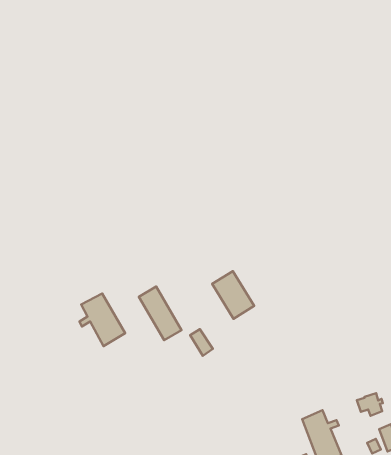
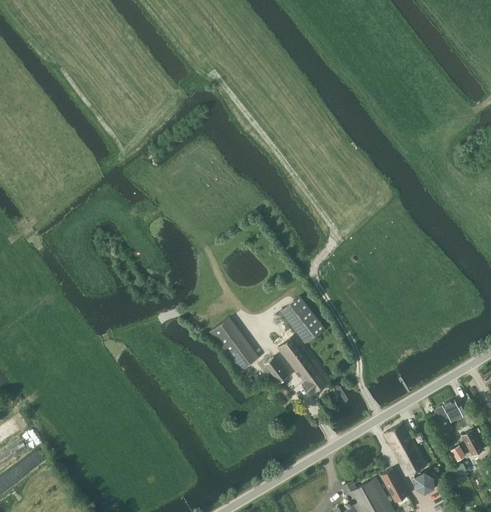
building: [79,293,125,346] -> none
building: none -> [278,334,331,396]

